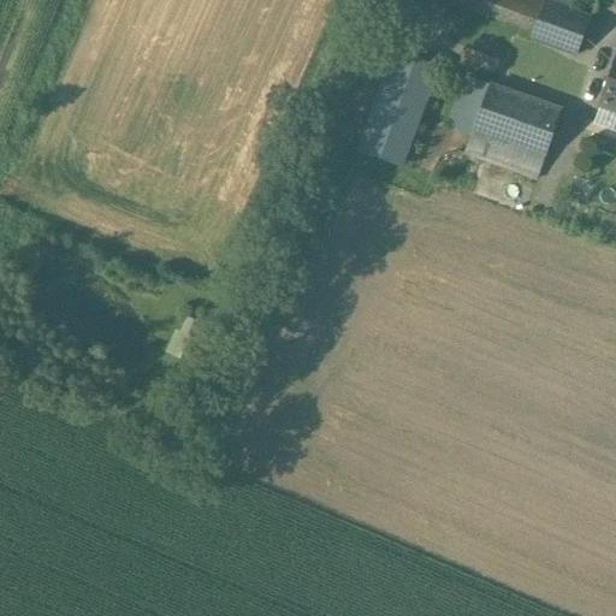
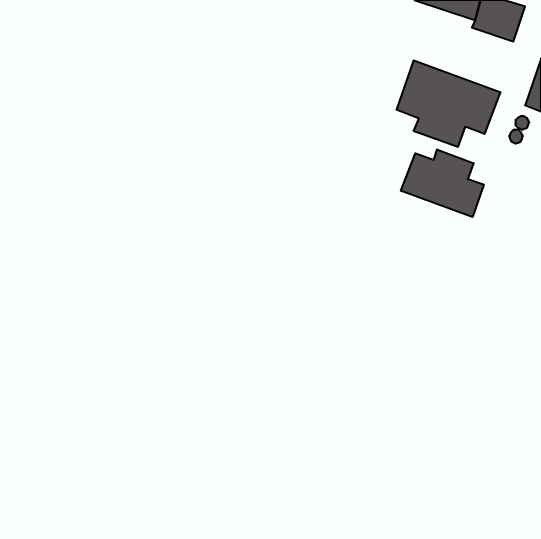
building: [362,53,437,162] -> none
building: none -> [401,149,484,217]

